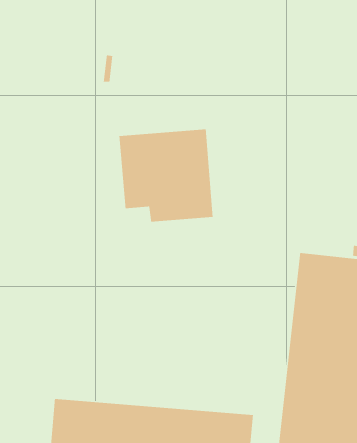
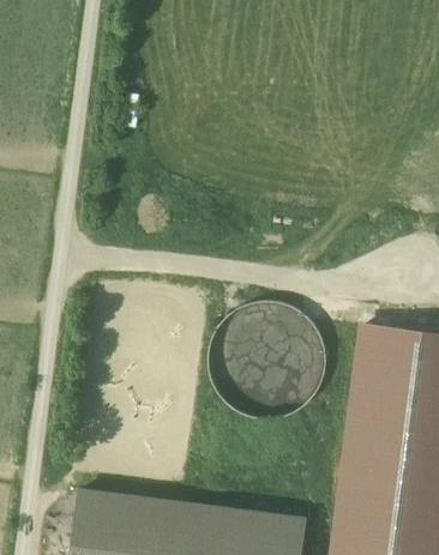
building: [118,128,214,223] -> [214,306,324,415]

